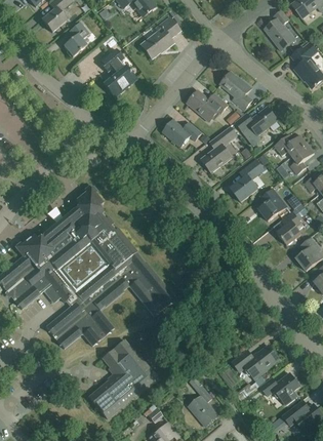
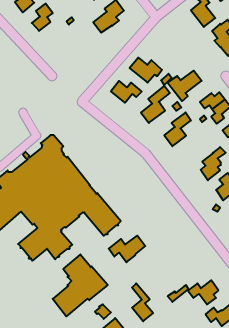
building: [99,48,135,96] -> none
building: [220,72,252,109] -> none
building: [258,188,284,221] -> none
building: [233,345,279,378] -> [109,236,145,262]

